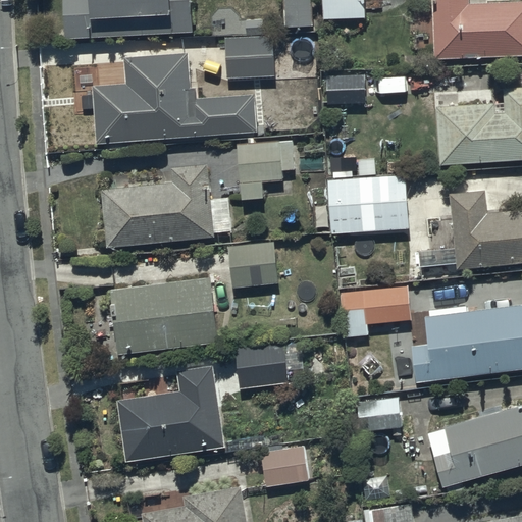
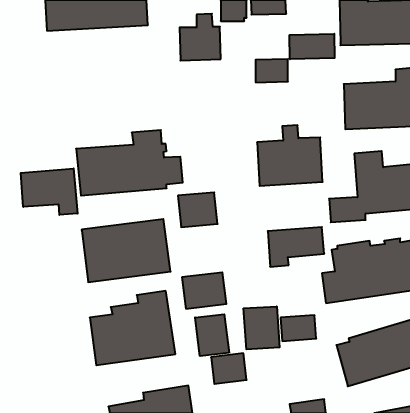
building: none -> [290,34,335,59]
building: [92,53,255,145] -> none
building: [238,140,300,198] -> none
building: none -> [21,168,78,215]
building: none -> [244,306,280,349]
building: none -> [195,314,229,356]

